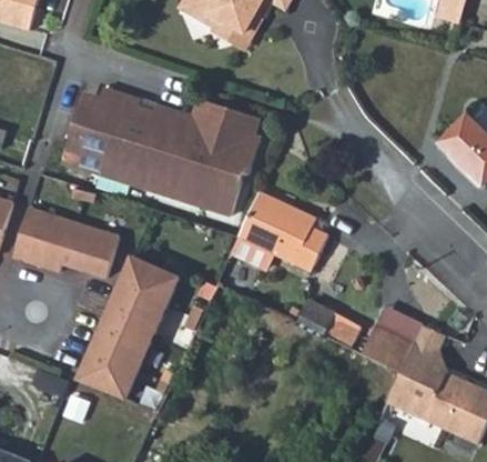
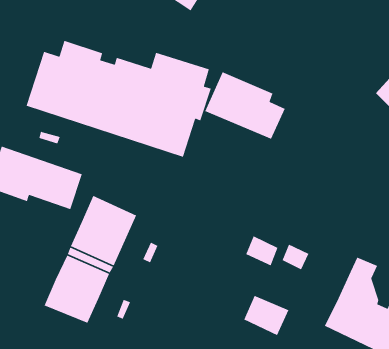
building: [237,193,327,269] -> [204,71,286,140]
building: [363,324,414,370] -> [243,295,289,336]

